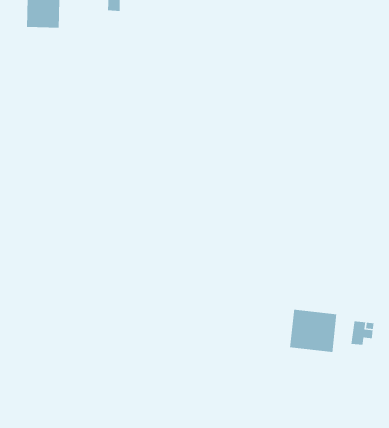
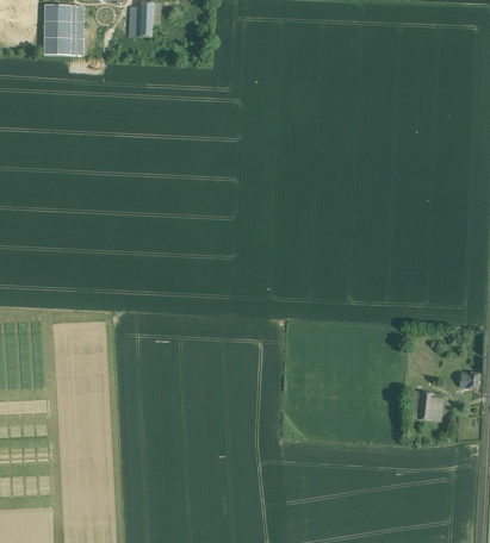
building: [289,309,337,353] -> none

